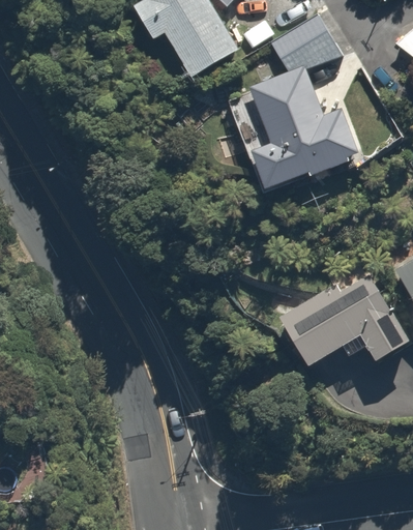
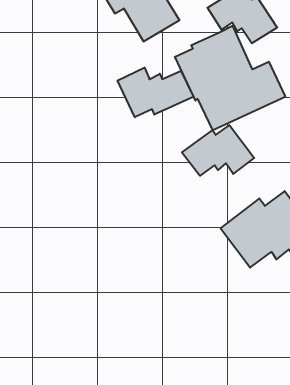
building: none -> [118,68,193,117]
building: none -> [182,125,254,176]

